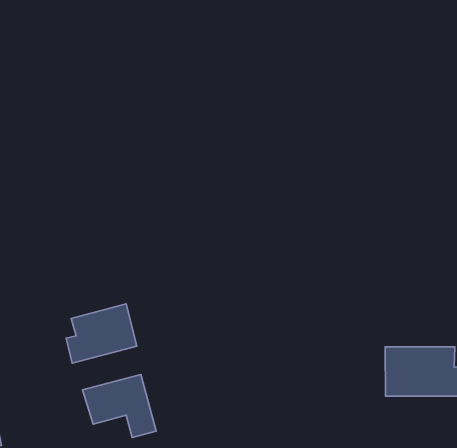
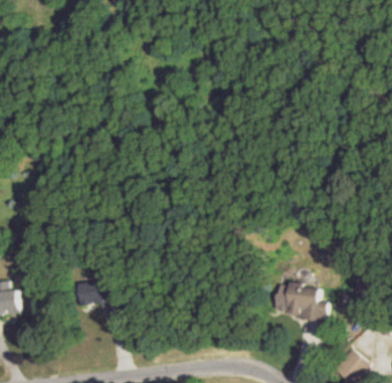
building: [66,304,137,363] -> none

